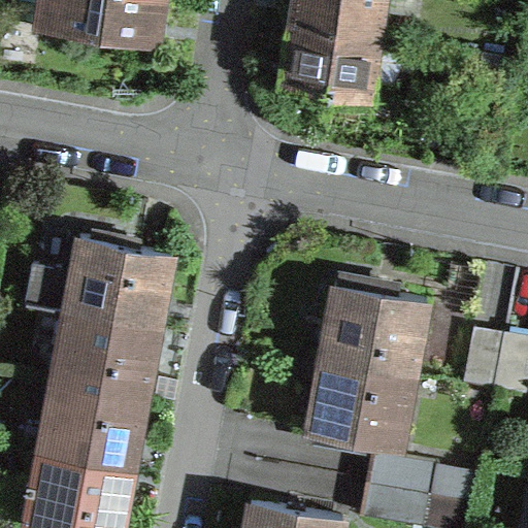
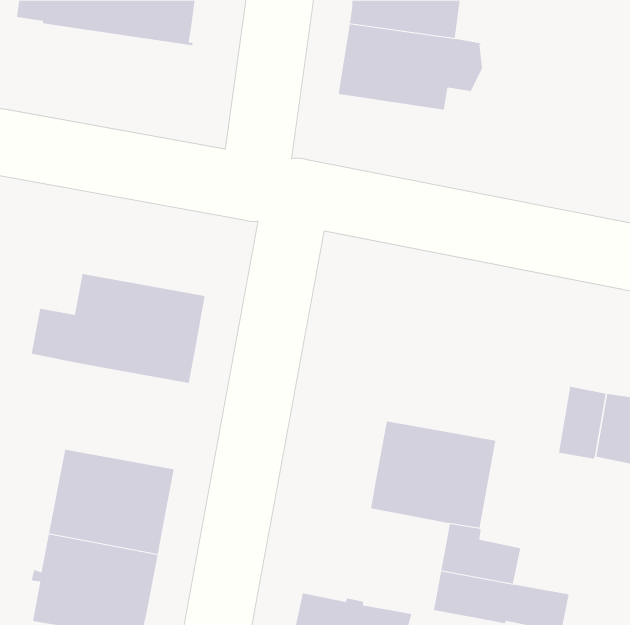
building: [324,284,429,373] -> none
building: [56,309,160,397] -> none

